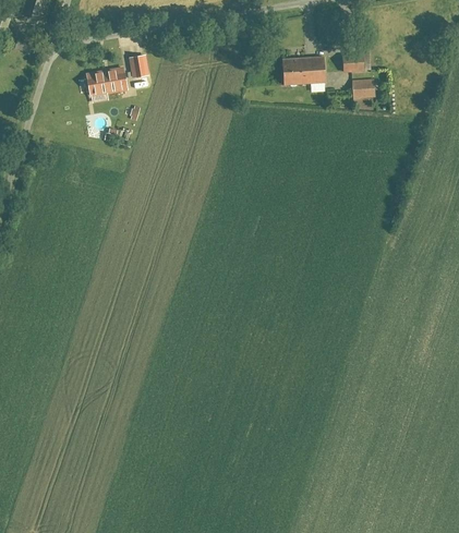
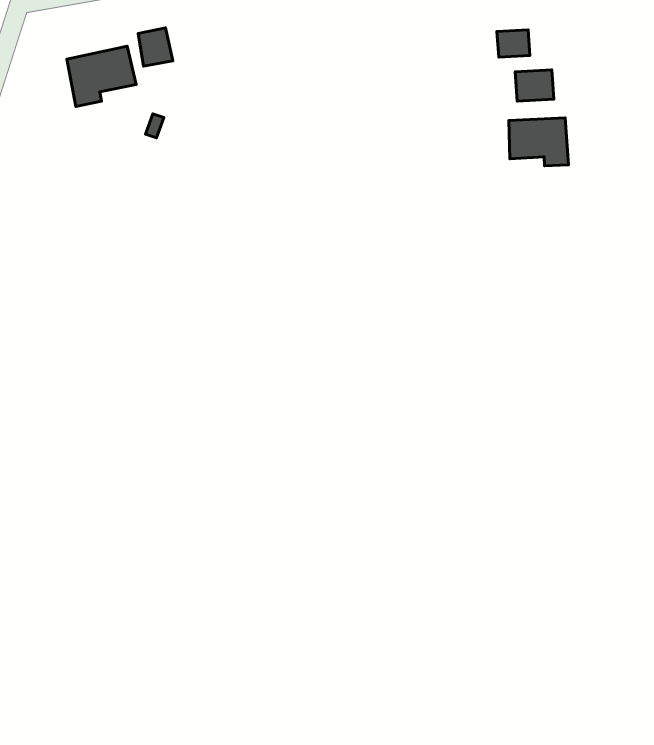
building: [285,57,326,84] -> none
building: none -> [509,118,569,166]

